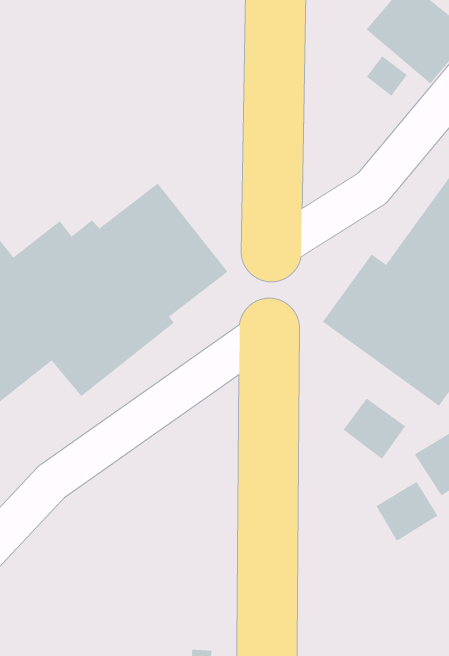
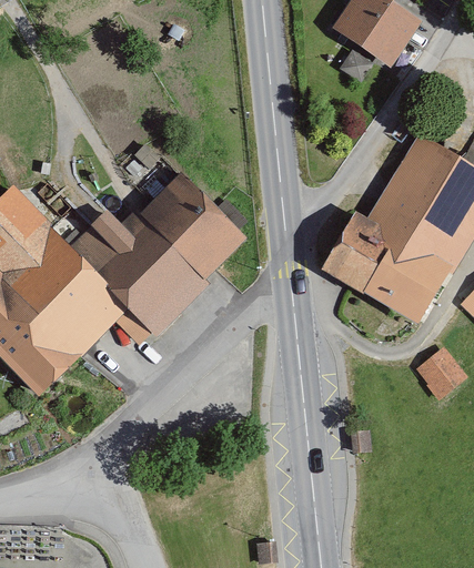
building: [342,398,406,460] -> none
building: [375,481,438,542] -> none

